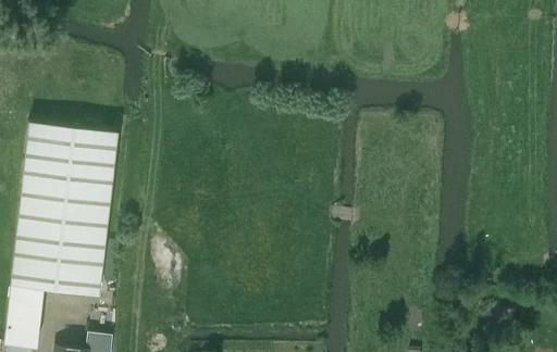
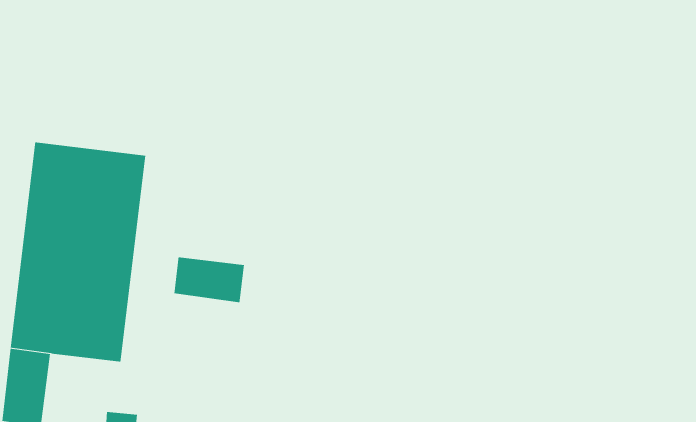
building: none -> [174,257,244,303]

